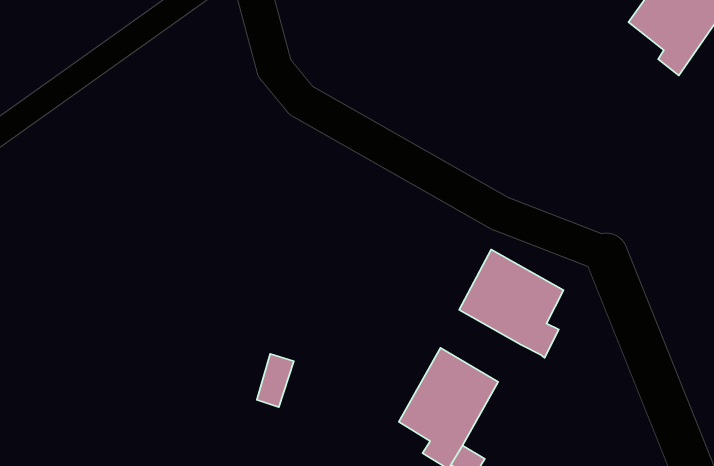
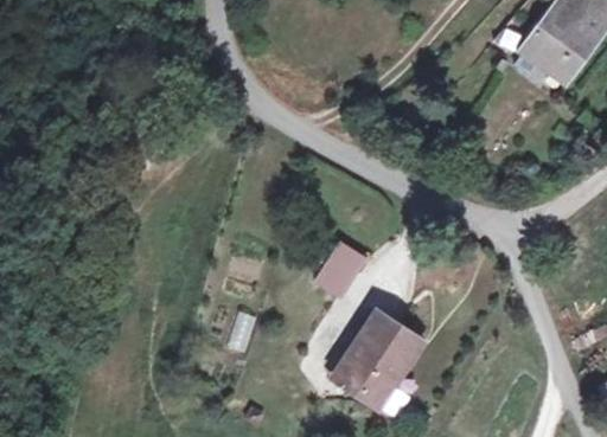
building: [459,250,563,358] -> none
building: none -> [318,243,363,295]

